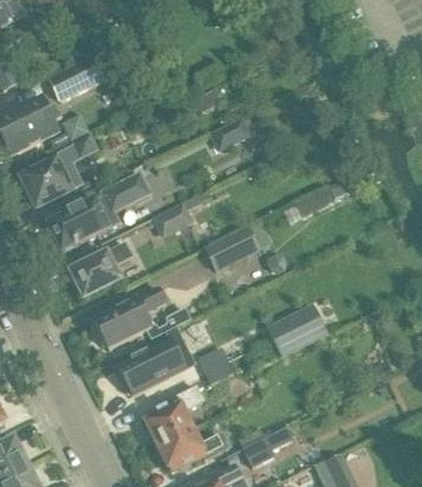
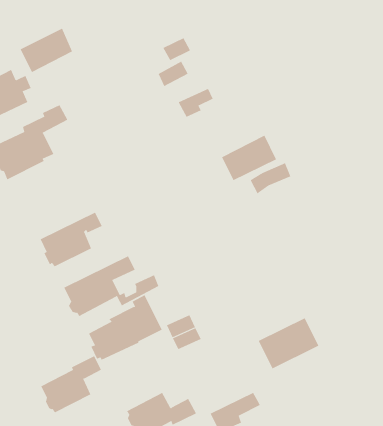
building: [48,172,151,252] -> none
building: [152,199,194,238] -> none
building: [204,223,260,270] -> [221,135,277,181]
building: [266,302,328,355] -> [258,317,319,369]
building: [143,385,205,444] -> [40,356,102,413]

